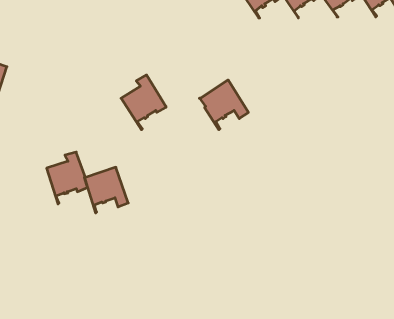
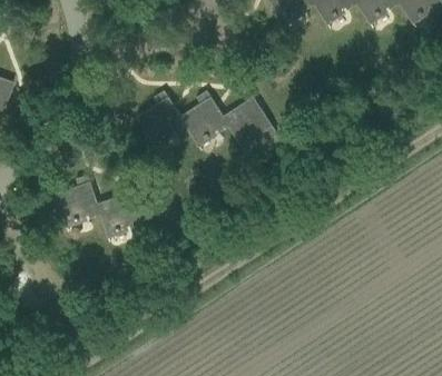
building: none -> [180,92,229,152]

